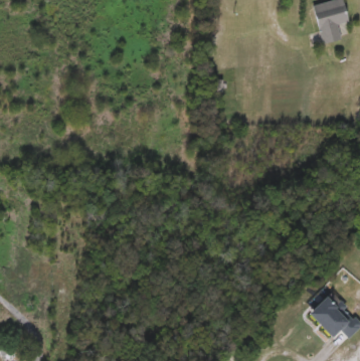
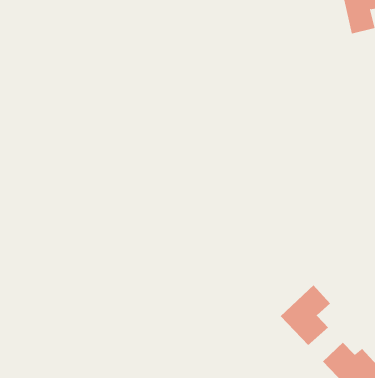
building: none -> [280,284,331,346]

